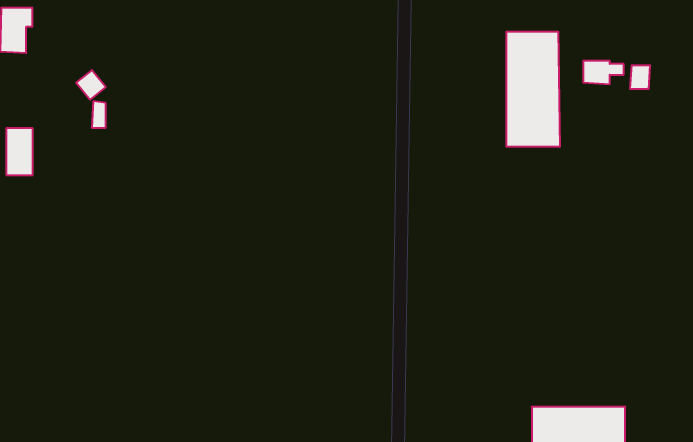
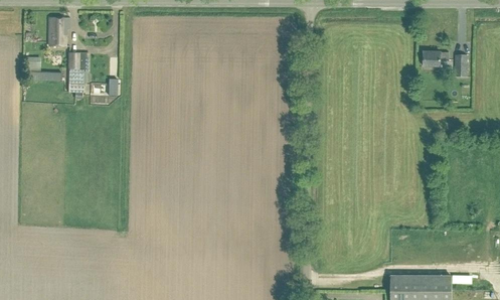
building: [506,32,560,147] -> none
building: [6,128,33,175] -> [68,52,86,83]

